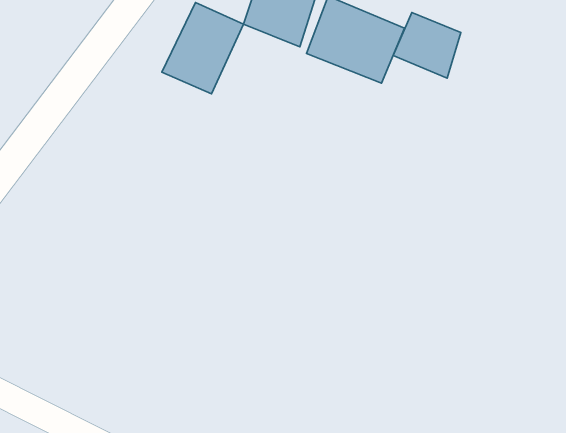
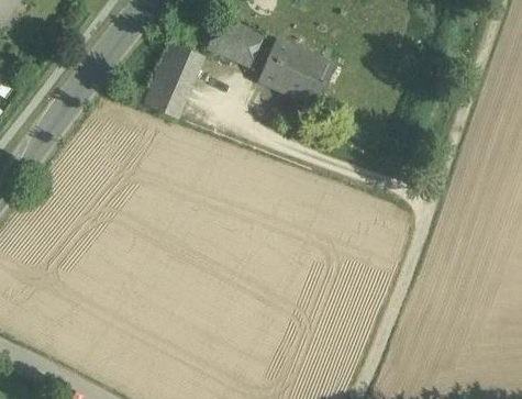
building: [393,12,461,78] -> none

